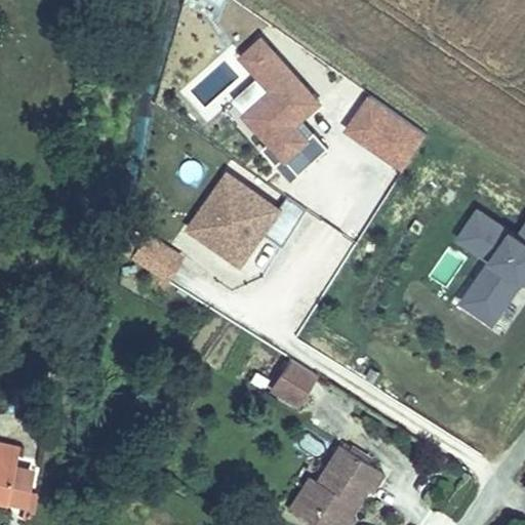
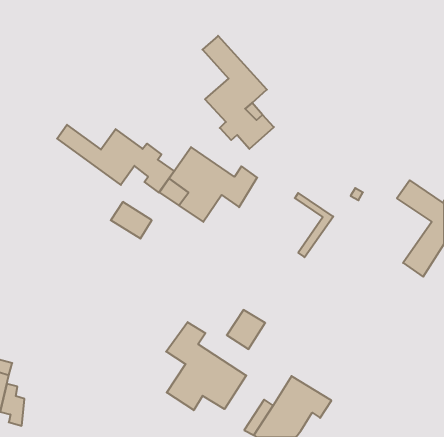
building: [342,97,421,171] -> none
building: none -> [57,125,174,193]
building: [462,234,508,310] -> [295,193,333,257]
building: none -> [166,322,246,410]

